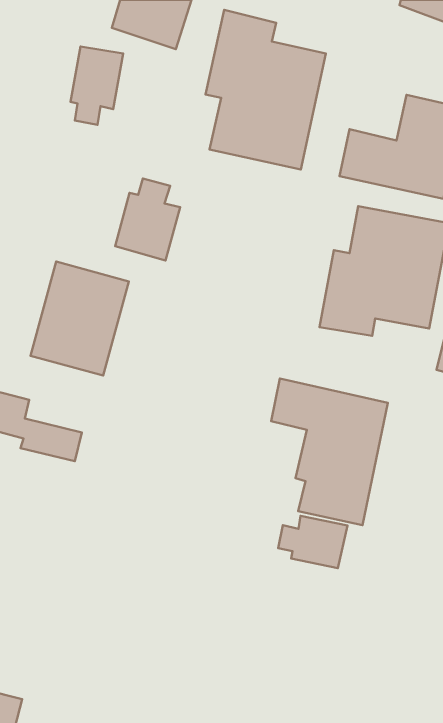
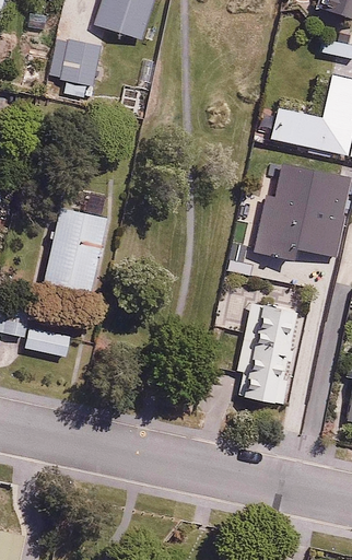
building: [206,10,326,169] -> none
building: [115,179,180,260] -> none
building: [278,516,347,568] -> none

